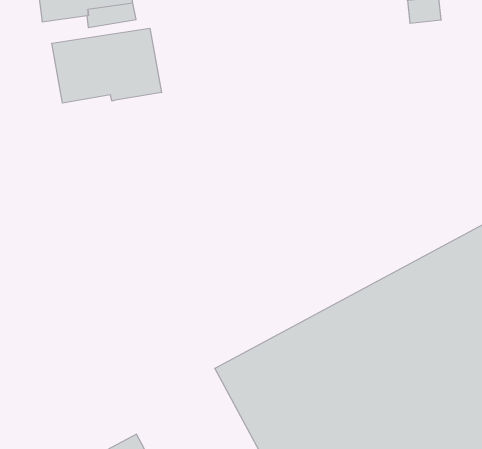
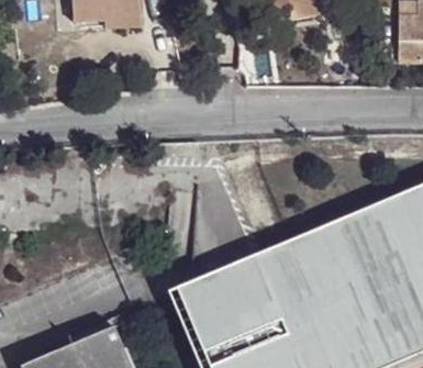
building: [52,28,162,103] -> none

